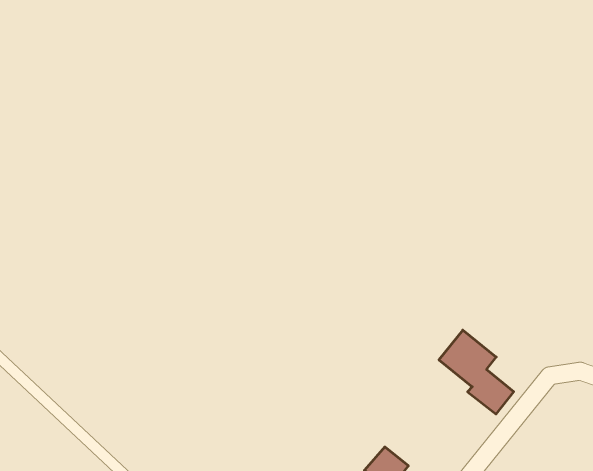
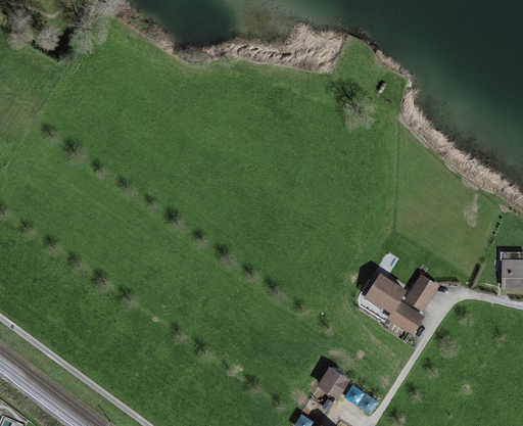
building: none -> [406,274,438,311]

